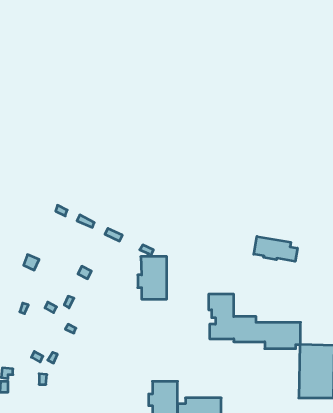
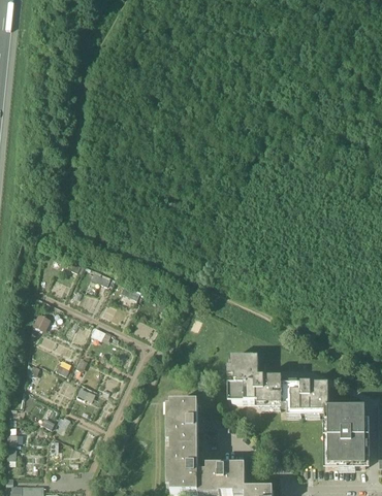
building: [254,236,297,261] -> none
building: [138,257,167,299] -> [166,401,197,447]

